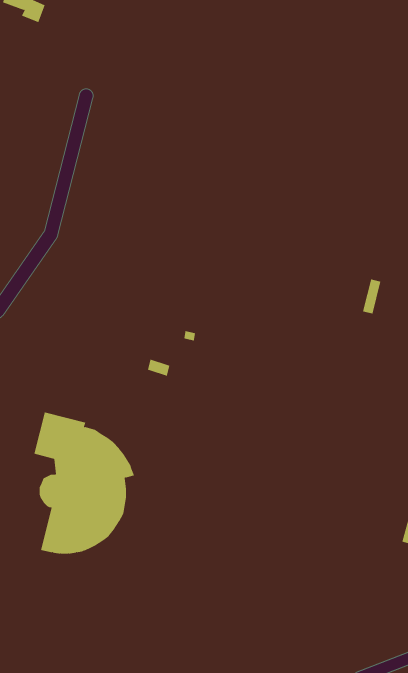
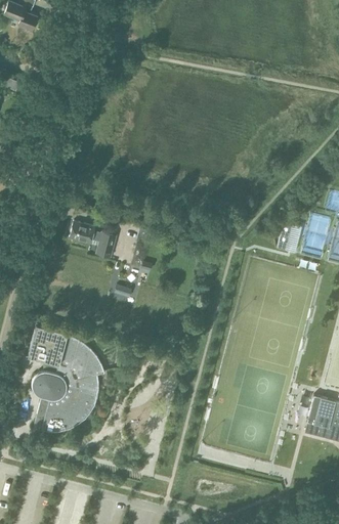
building: none -> [69,221,117,258]

